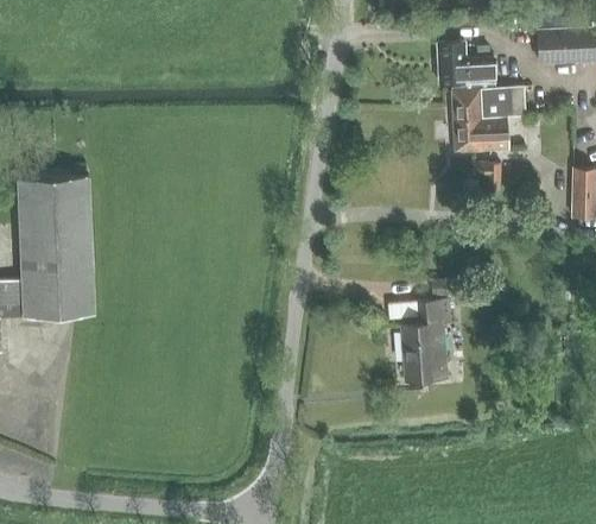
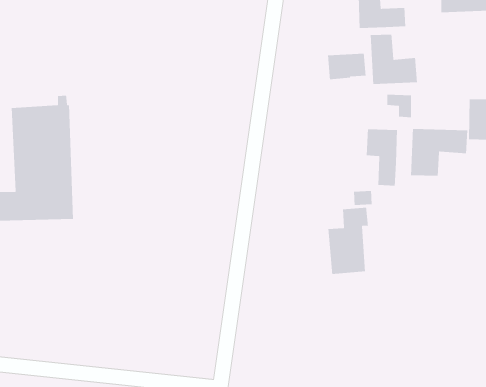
building: [478,89,526,122] -> [327,53,367,80]
building: none -> [410,128,468,177]
building: none -> [366,129,398,187]

